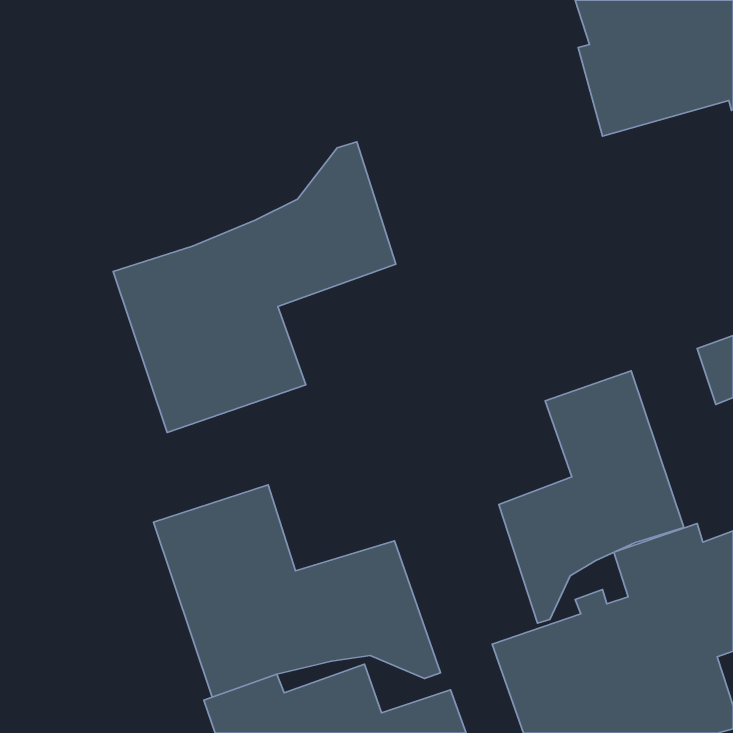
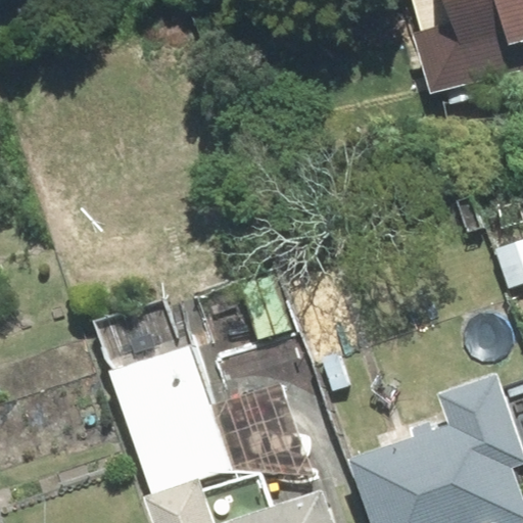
building: [113,142,396,432] -> none
building: [499,371,684,623] -> none

